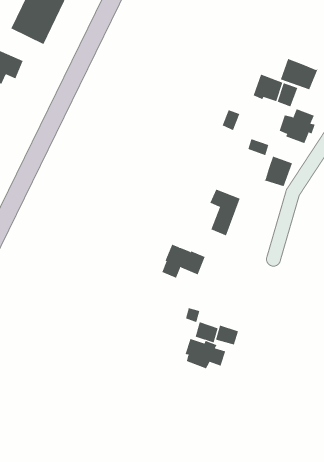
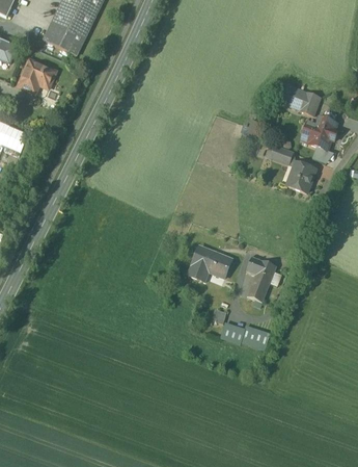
building: [280,58,318,90] -> none
building: [209,189,241,236] -> [246,257,276,303]
building: [185,338,226,369] -> none

